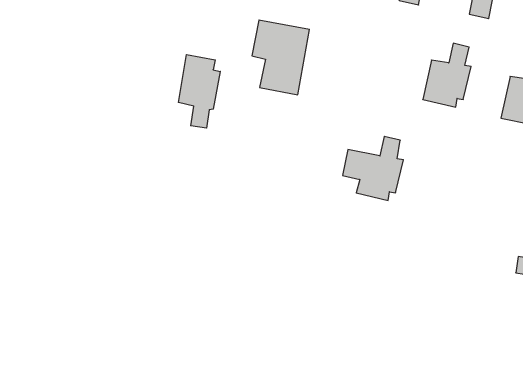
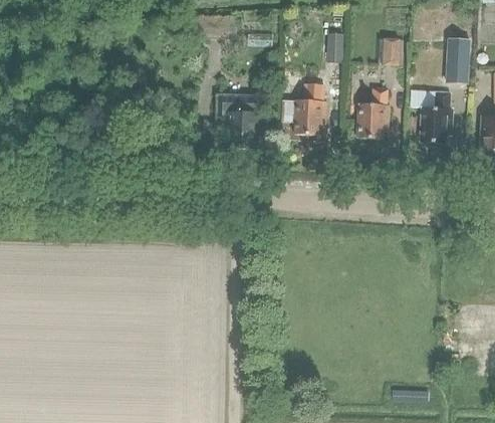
building: [178,55,220,128] -> none
building: [343,136,403,200] -> [281,82,327,133]

